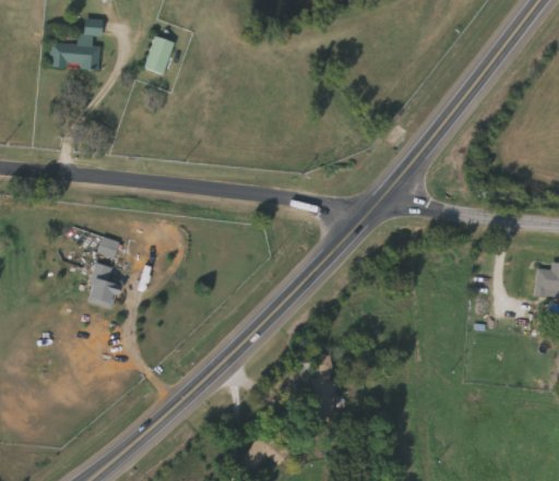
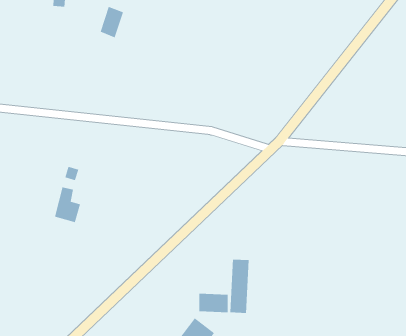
building: [49,41,100,70] -> none
building: none -> [199,293,228,313]

